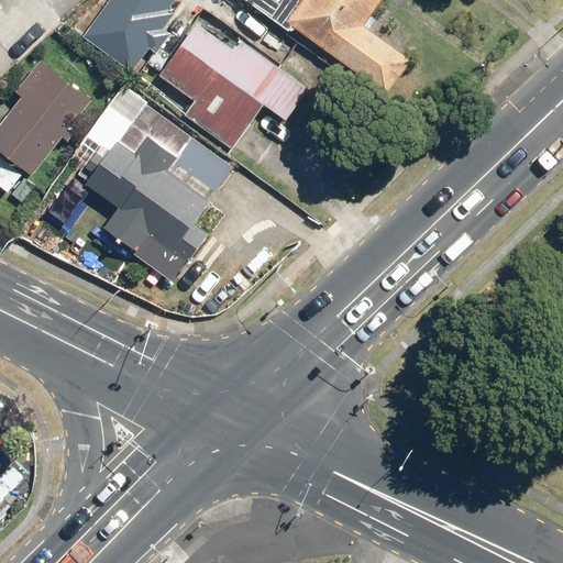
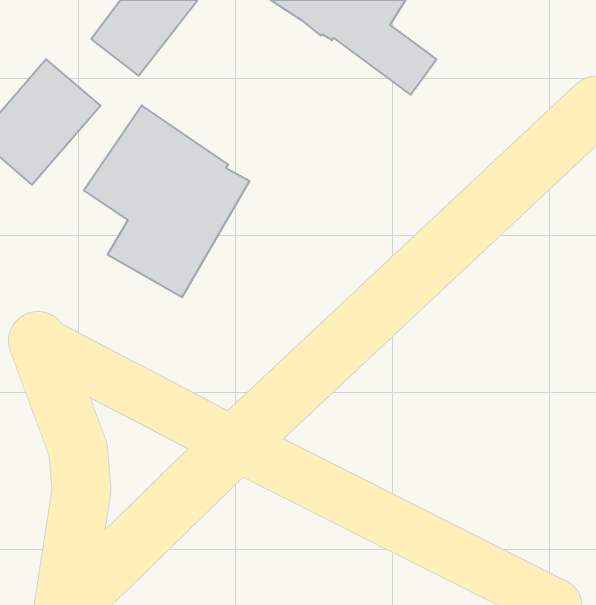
building: [148,23,305,146] -> none

